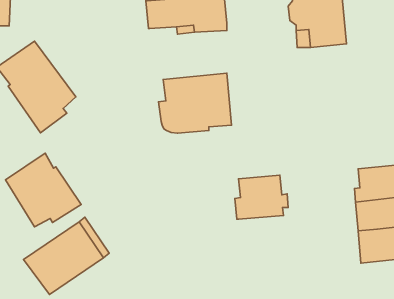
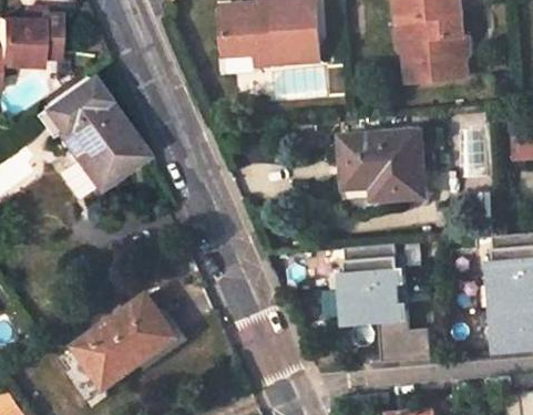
building: [159,73,231,133] -> [337,133,427,207]
building: [6,153,81,227] -> none
building: none -> [336,291,423,360]

